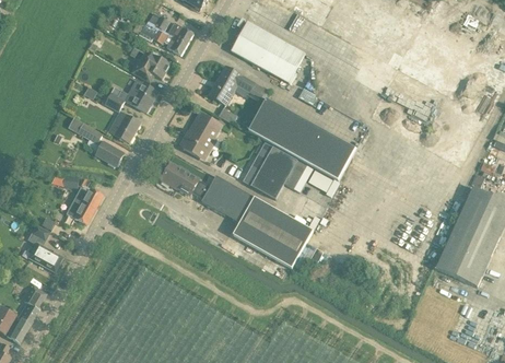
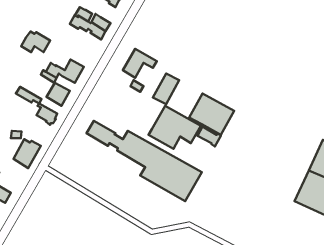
building: [231,21,304,81] -> none
building: [131,50,169,78] -> [21,31,50,52]
building: [266,107,314,156] -> none
building: [179,112,221,160] -> none

